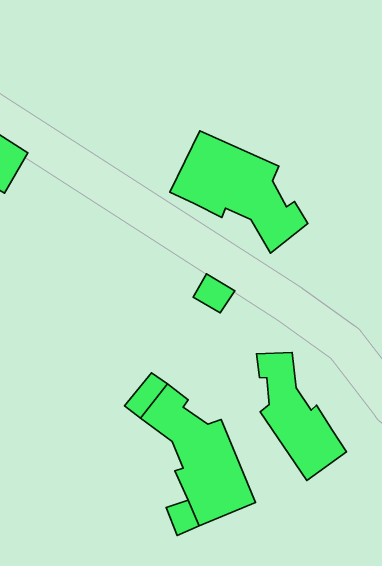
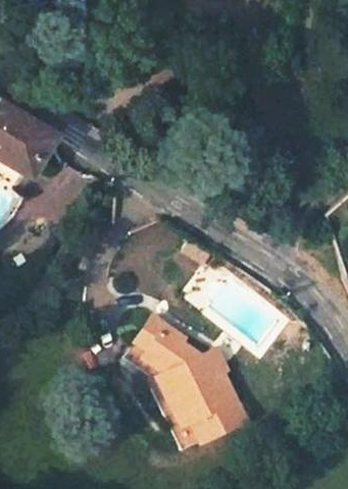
building: [170,131,308,253] -> none
building: [256,352,347,481] -> none

